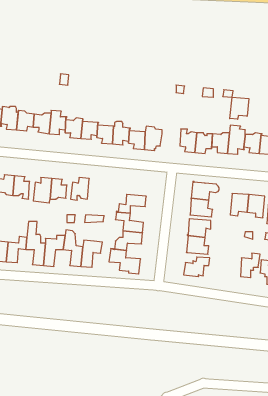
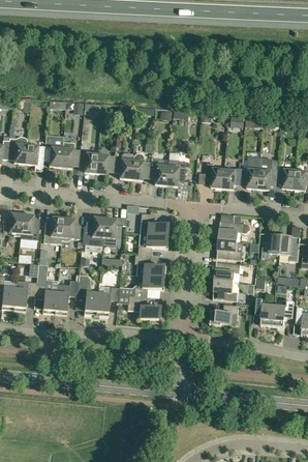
building: [230,97,249,119] -> none
building: none -> [140,213,170,237]
building: none -> [103,218,122,247]
building: none -> [254,298,274,326]

